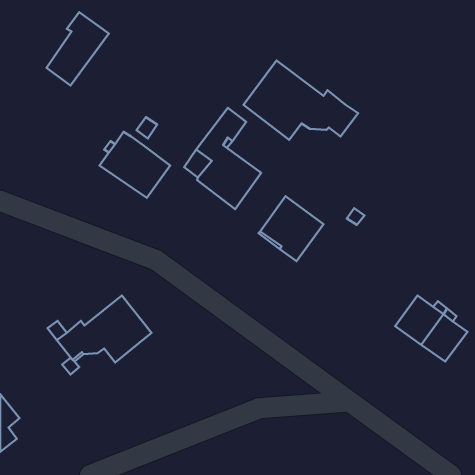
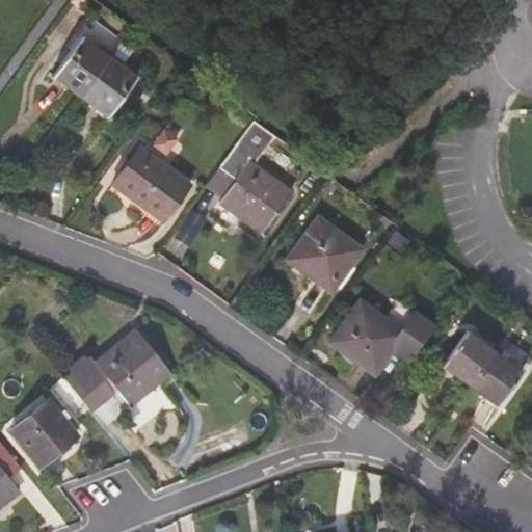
building: none -> [79,37,138,116]
building: [244,61,358,140] -> none
building: none -> [329,301,433,375]
building: none -> [10,401,77,467]

